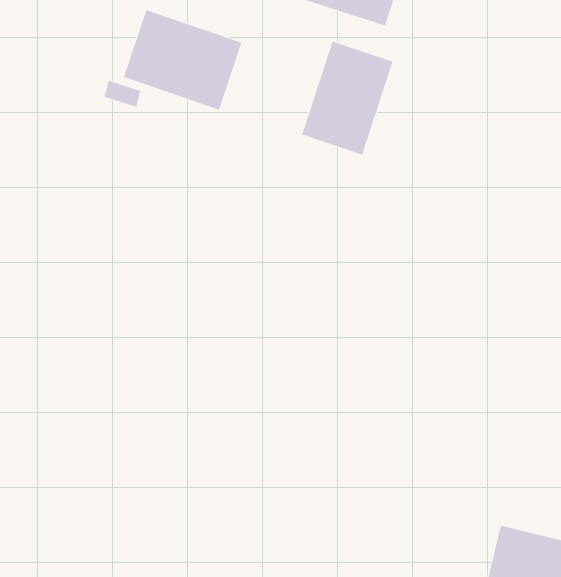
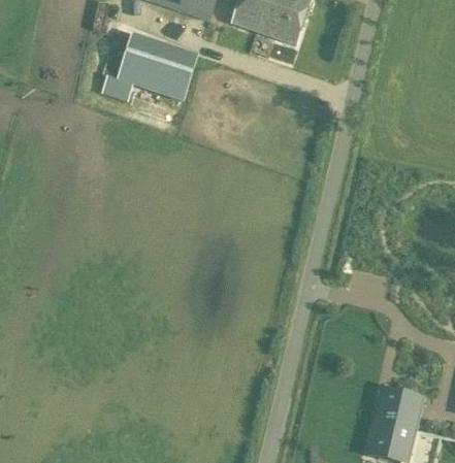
building: [302,41,393,155] -> none

